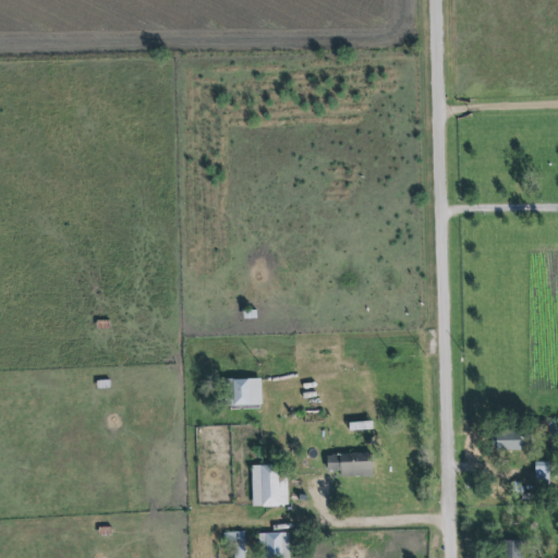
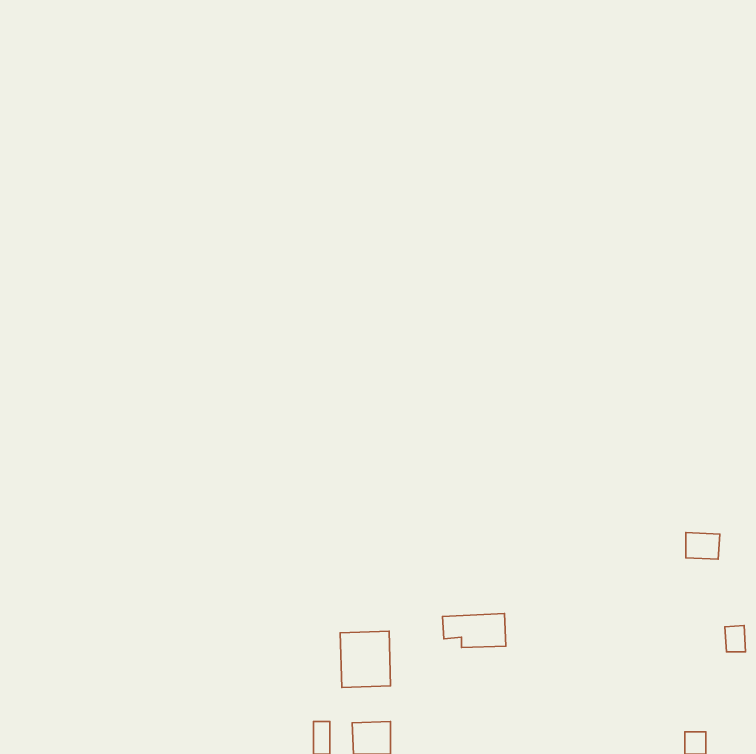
building: [228,378,260,405] -> none
building: [496,430,521,450] -> [686,533,720,559]

